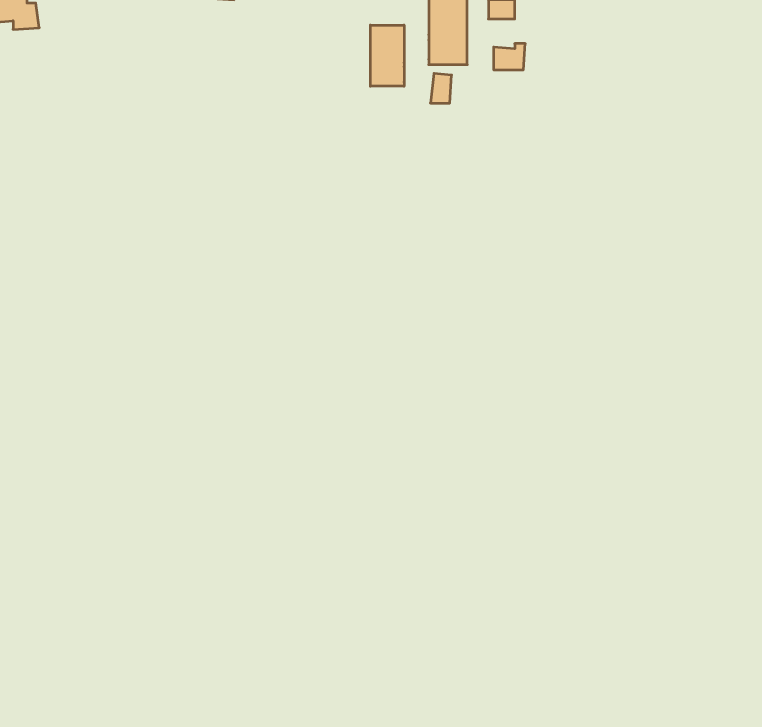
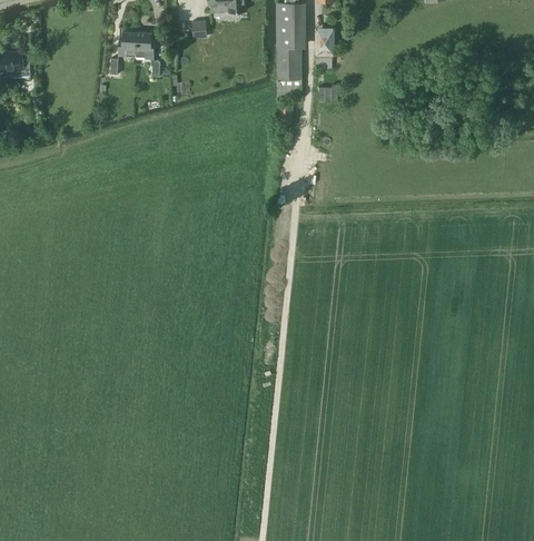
building: [370,25,404,86] -> none

